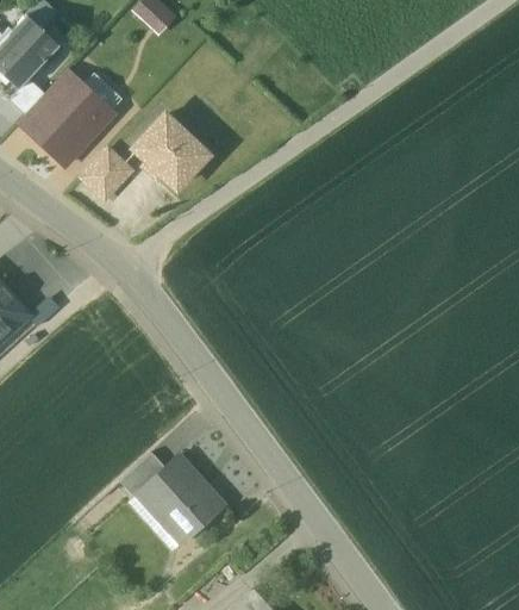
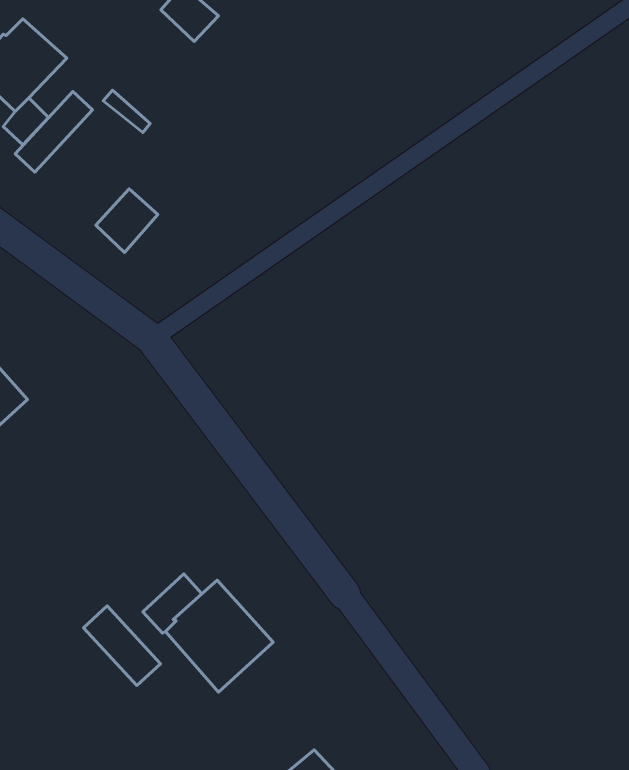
building: [36,83,115,166] -> none
building: [136,116,210,187] -> none
building: none -> [83,606,161,686]

